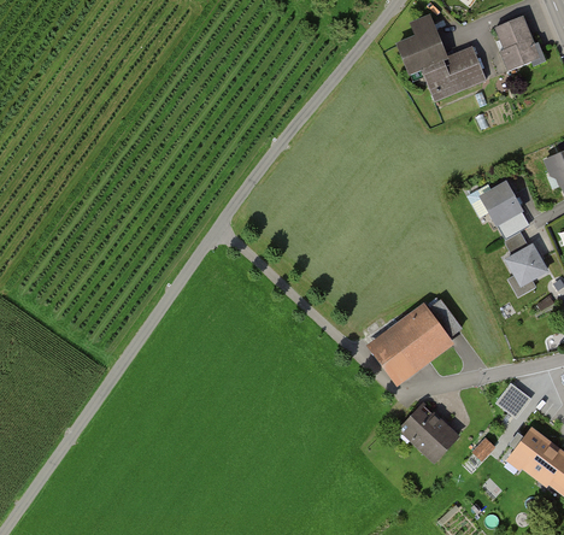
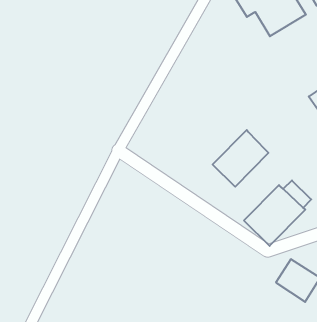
building: none -> [213,130,268,187]

